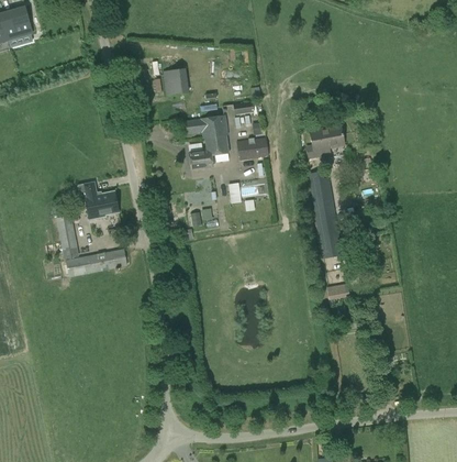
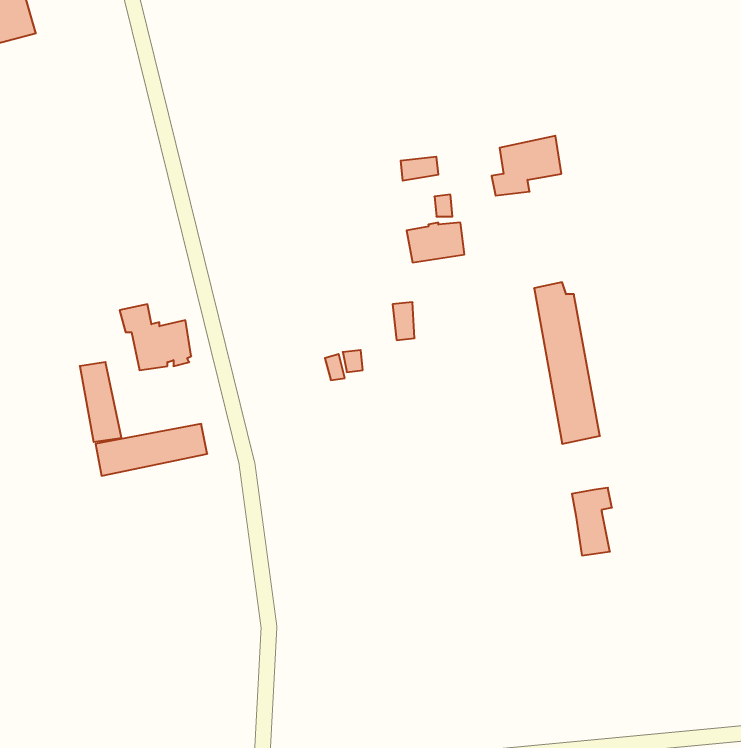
building: [163,61,188,95] -> none
building: [181,113,228,168] -> none
building: [305,123,344,156] -> [492,136,561,196]

